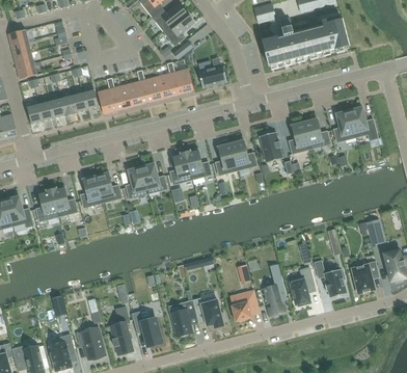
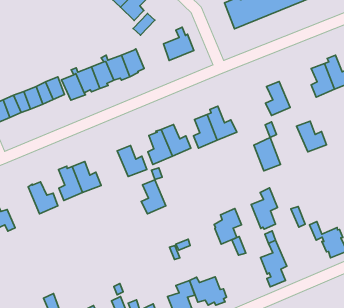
building: [167,66,193,91] -> none
building: [303,118,329,148] -> [297,121,326,152]
building: [260,132,282,163] -> [254,137,281,171]
building: [125,166,147,197] -> [141,180,166,214]
building: [35,188,58,220] -> none
building: [289,266,314,304] -> [251,188,278,229]
building: [232,289,257,321] -> [214,208,242,244]

